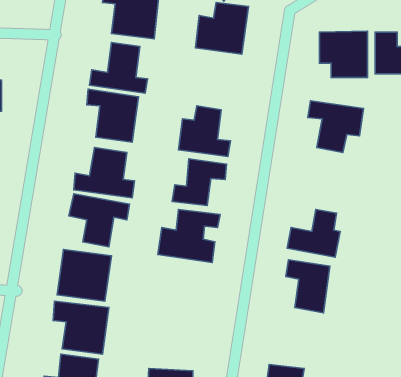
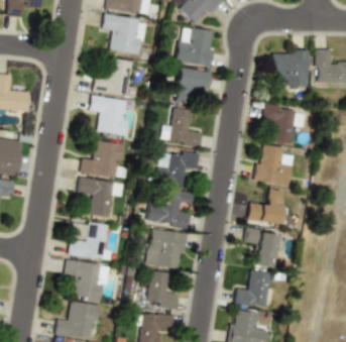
building: none -> [175,68,212,103]
building: none -> [254,144,295,186]
building: none -> [145,229,188,269]
building: none -> [235,270,272,308]
building: none -> [145,271,178,309]

